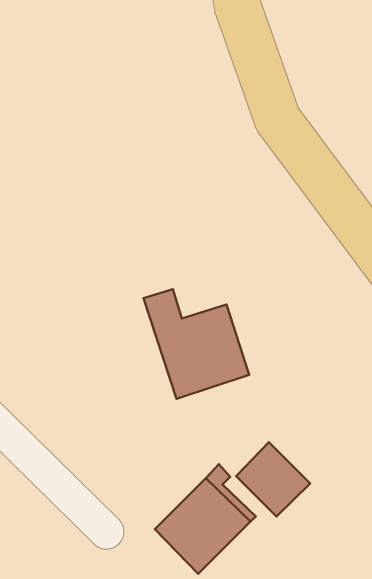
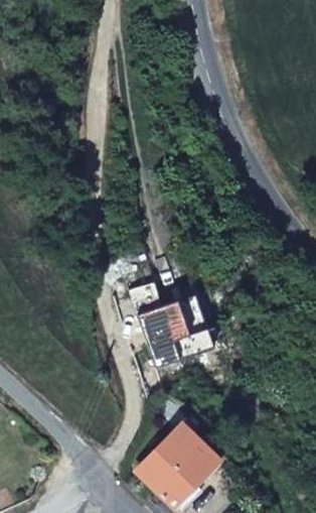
building: [236,442,310,516] -> none

